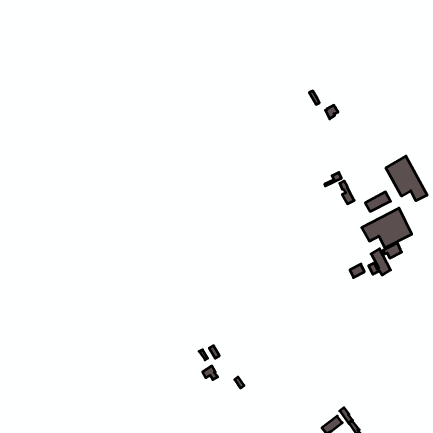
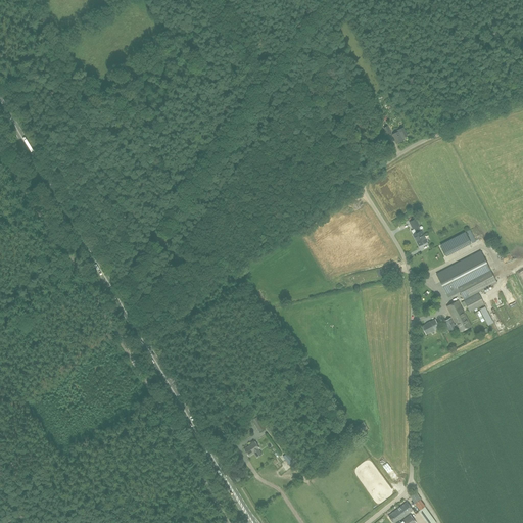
building: [386,156,427,201] -> none

